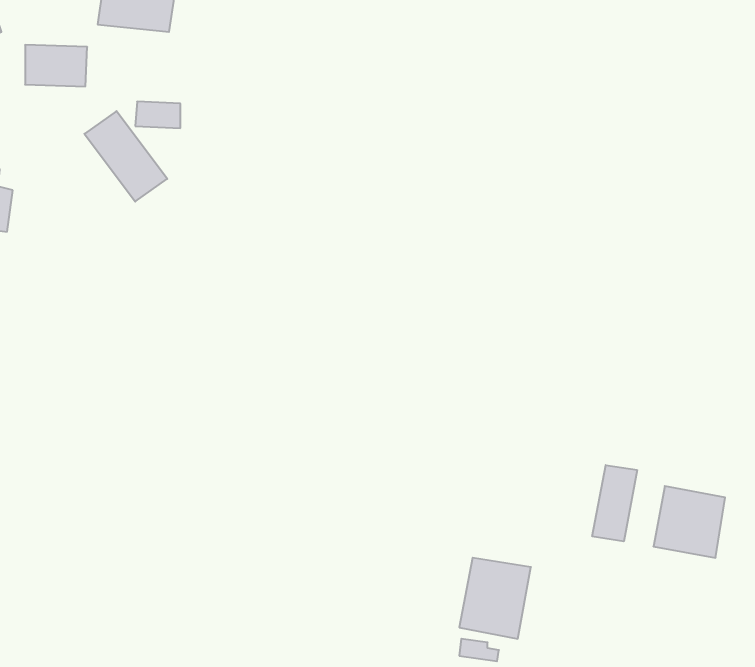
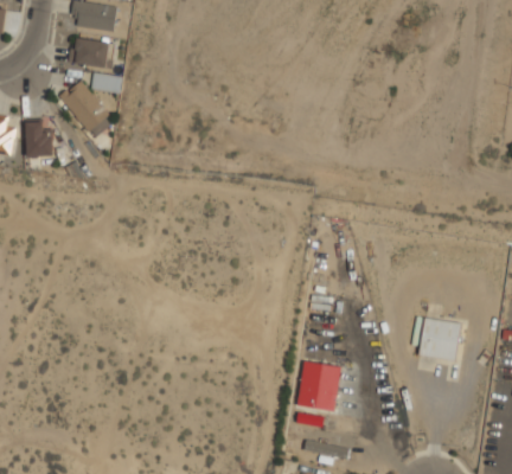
building: [25,45,87,86] -> [71,39,110,65]
building: none -> [28,122,52,155]
building: [592,465,637,541] -> none

